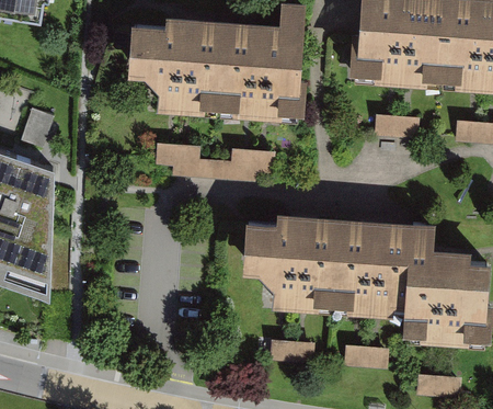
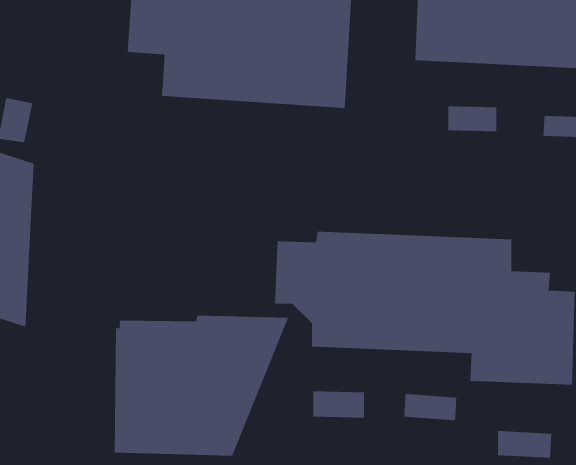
building: [157,145,277,181] -> none
building: none -> [114,315,289,456]

